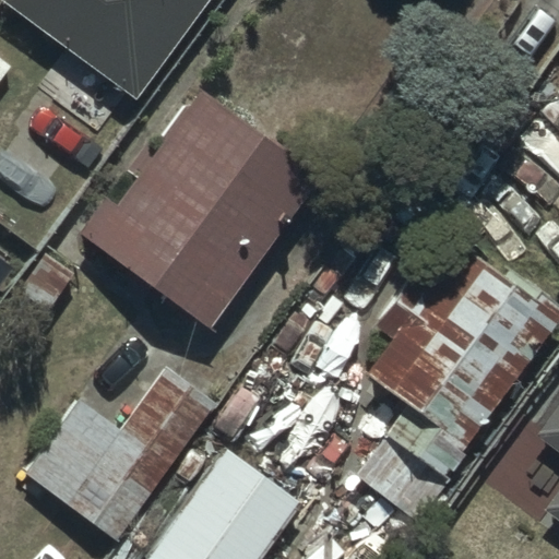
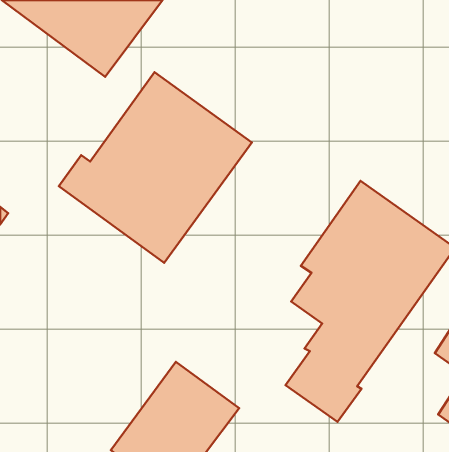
building: [25,364,218,540] -> none

